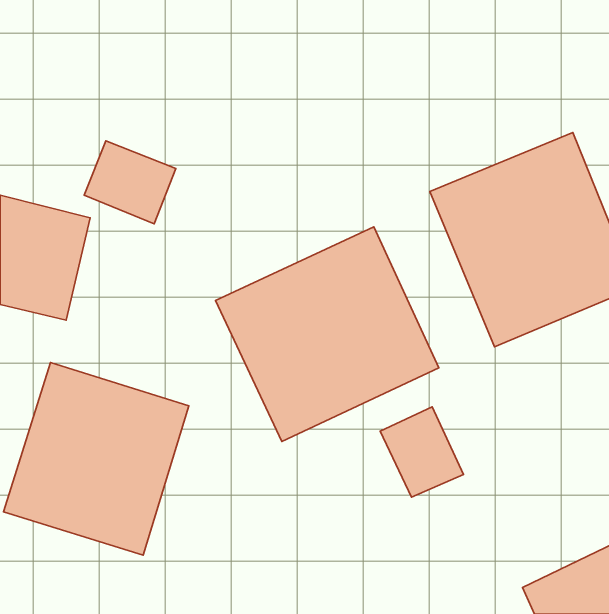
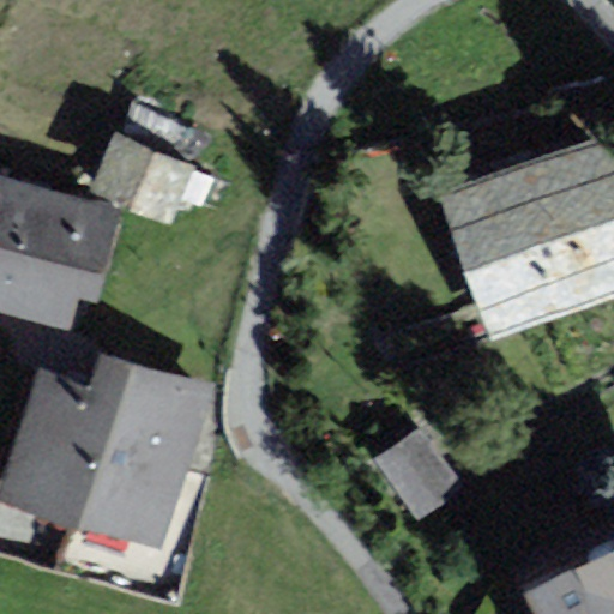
building: [215,227,439,441] -> none

